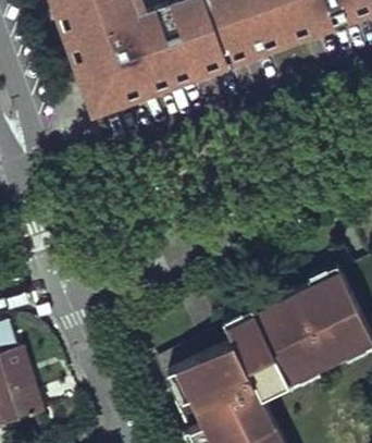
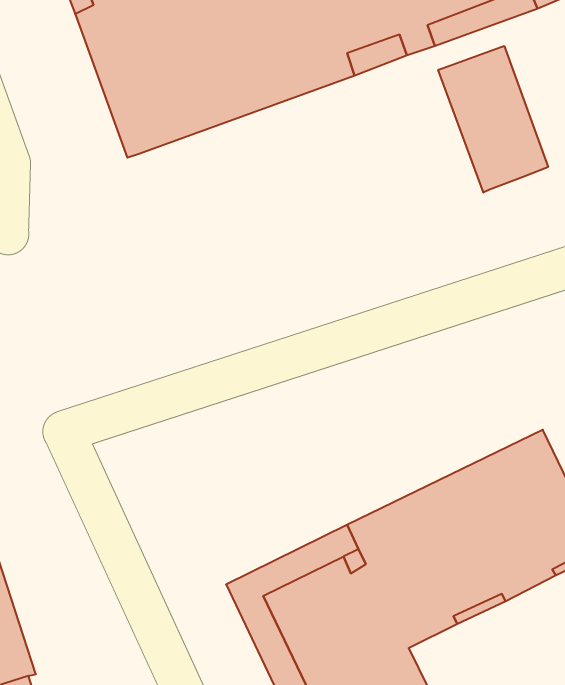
building: none -> [438,46,548,193]

